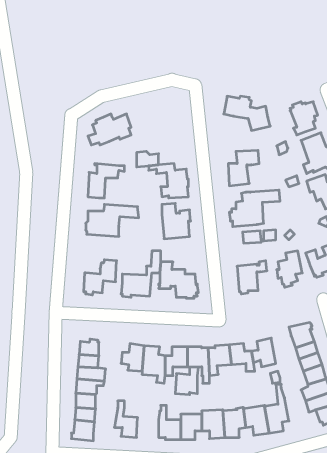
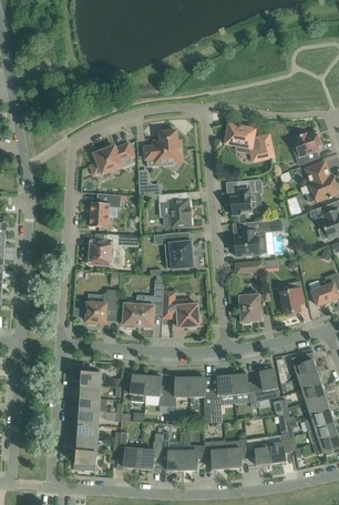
building: none -> [144,130,182,165]
building: [175,367,198,395] -> [138,441,162,468]

